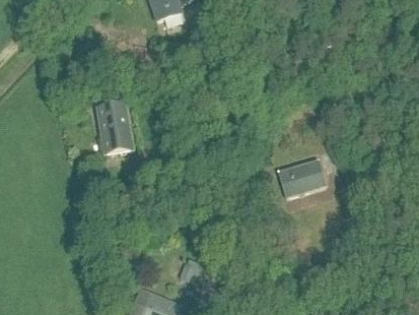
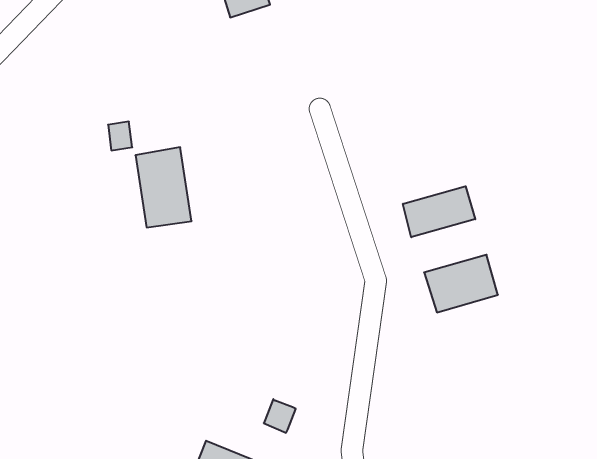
building: none -> [403,186,475,237]

